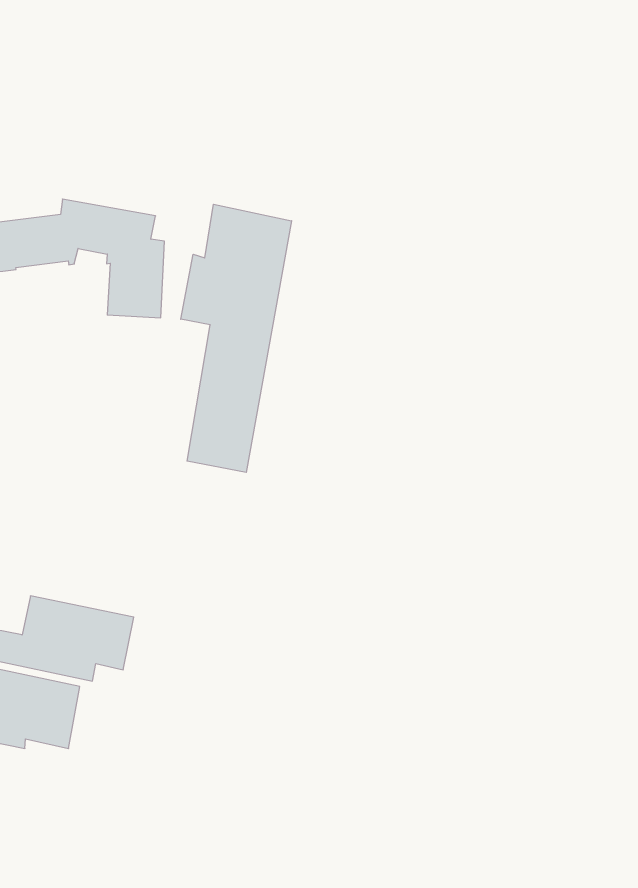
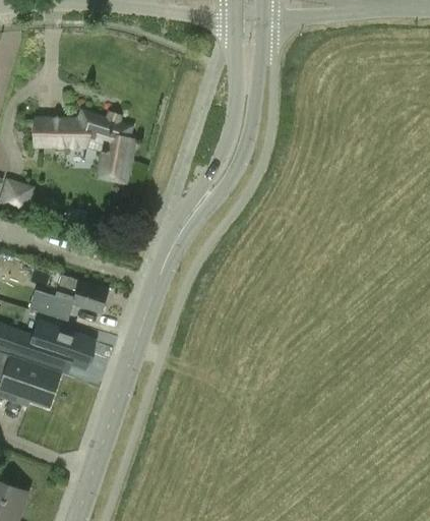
building: [181,204,292,472] -> none
building: none -> [28,275,109,321]

